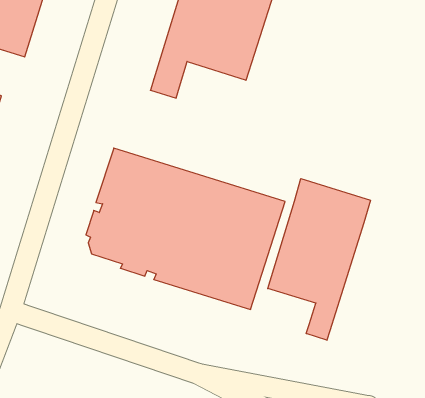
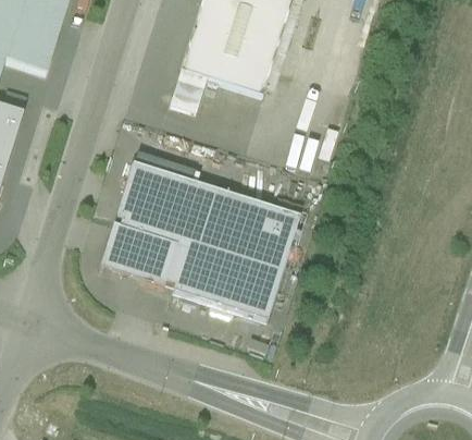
building: [268,179,371,340] -> none

